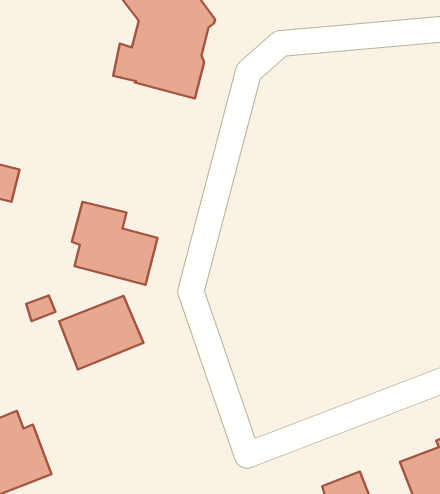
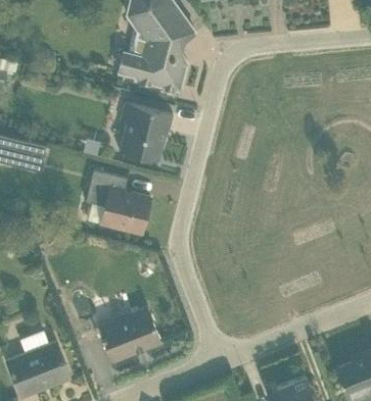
building: none -> [119,102,174,162]
building: [59,296,144,370] -> [98,306,163,362]

